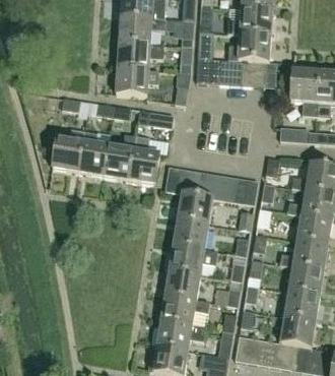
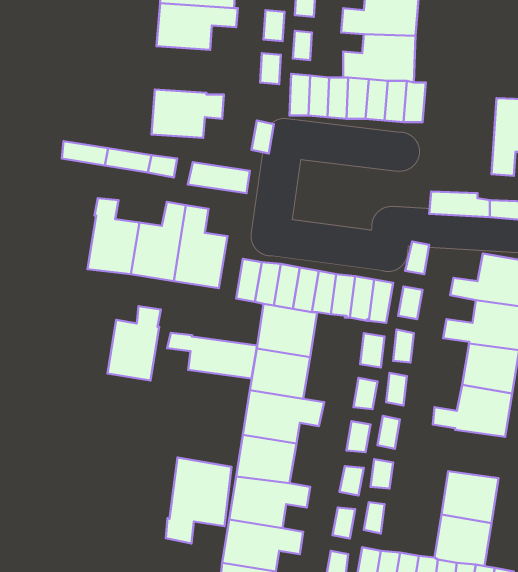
building: [117,42,162,69] -> none
building: [290,70,318,117] -> none
building: [52,129,83,173] -> [107,306,161,380]
building: none -> [167,333,257,379]
building: [289,267,323,296] -> none
building: none -> [166,458,231,543]

